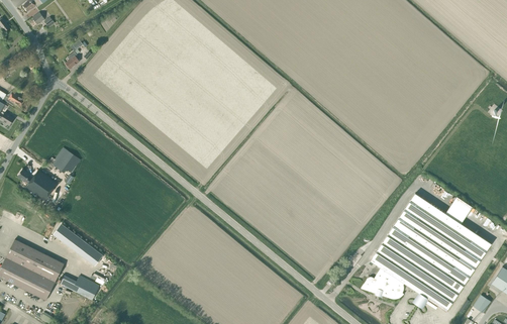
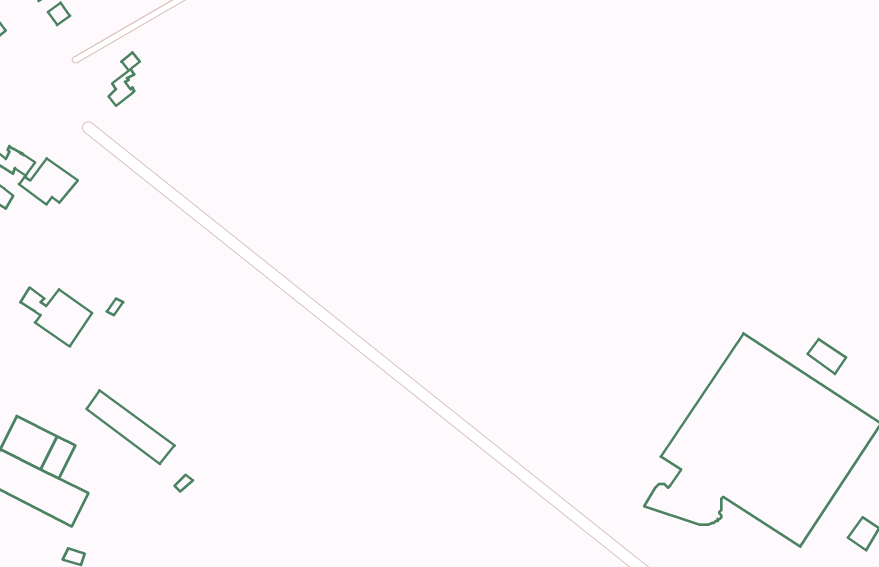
building: [48,147,81,173] -> [19,158,78,204]
building: [38,255,64,282] -> none
building: [60,274,100,298] -> none

